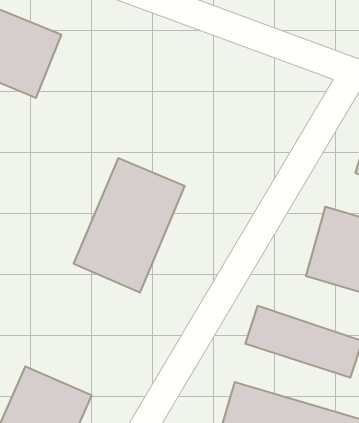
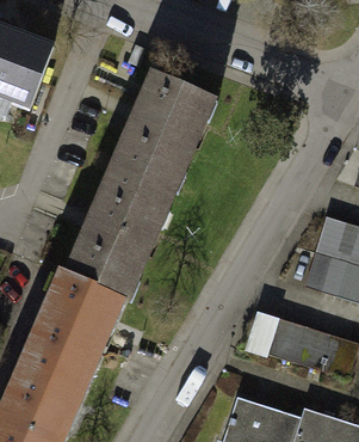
building: none -> [118,78,222,195]
building: none -> [26,272,136,401]

